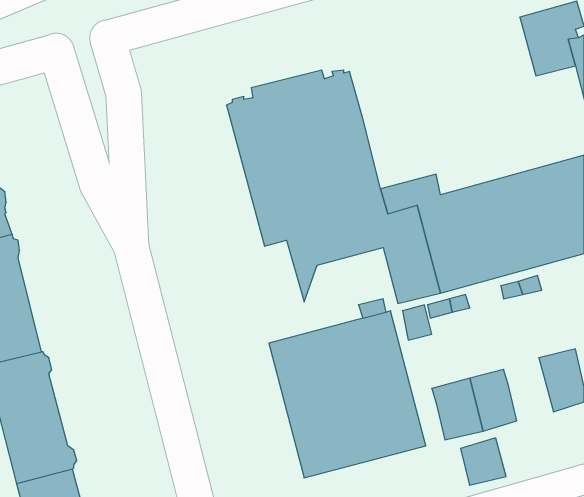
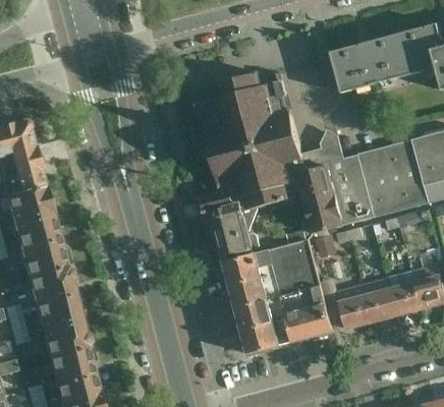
building: none -> [331,34,409,92]
building: none -> [201,188,259,256]
building: [461,438,506,485] -> [390,281,422,313]

